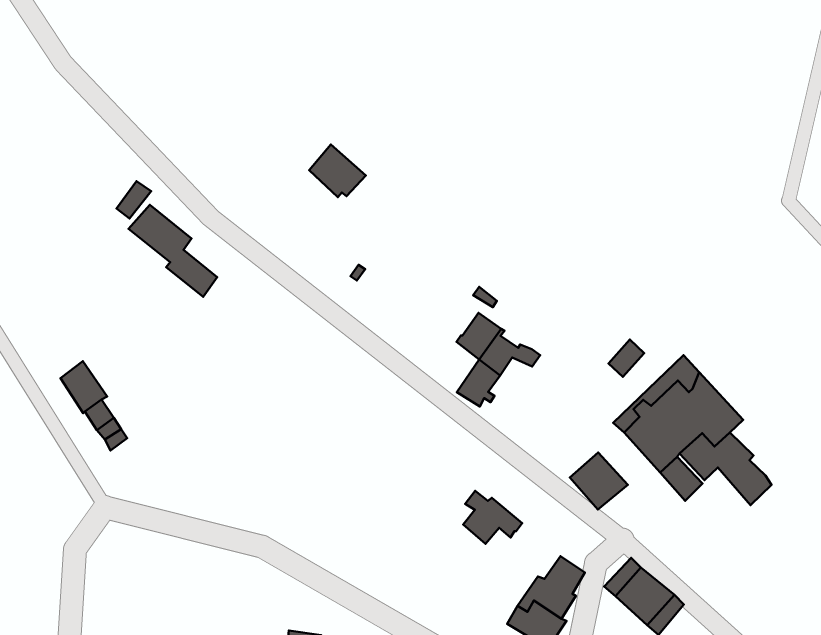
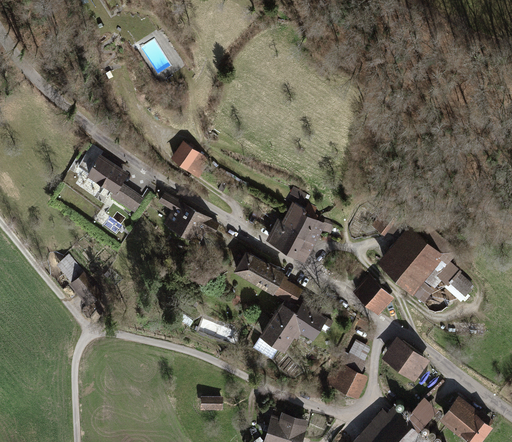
building: [309,145,366,197] -> [174,144,207,174]
building: none -> [167,204,208,241]
building: none -> [269,223,297,252]
building: none -> [236,254,300,304]
building: none -> [253,306,303,360]

